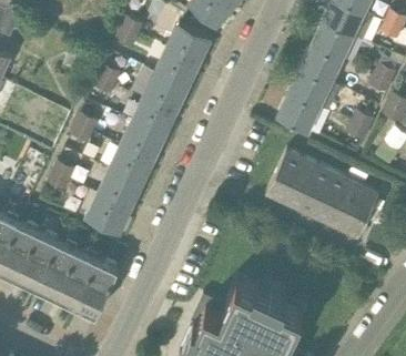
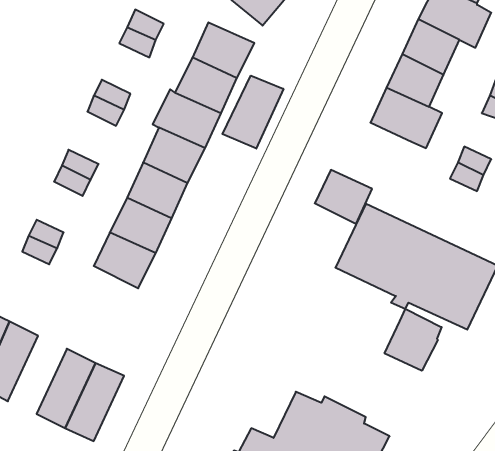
building: none -> [222,76,283,149]
building: [280,93,319,131] -> [315,170,372,224]
building: [80,190,129,233] -> none
building: none -> [385,309,442,371]
building: [38,242,79,296] -> none

